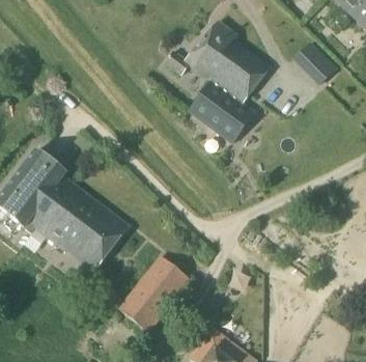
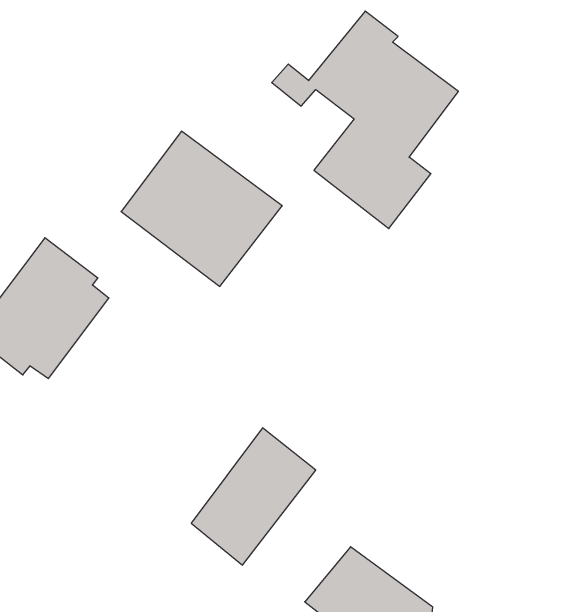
building: [290,40,336,85] -> none
building: [37,183,129,271] -> [121,131,282,286]

